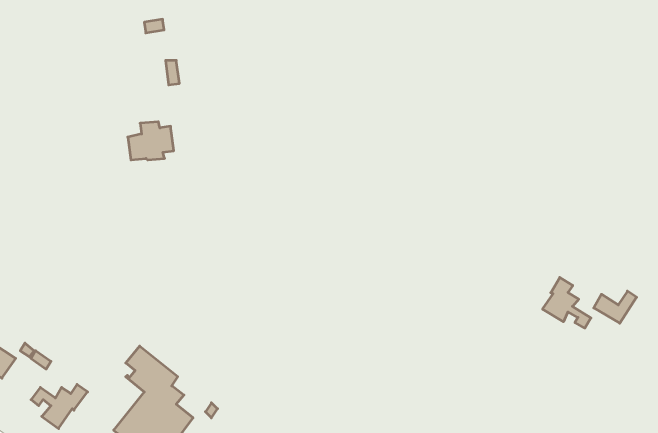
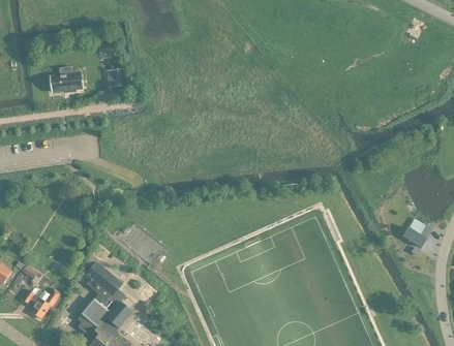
building: [128,122,174,160] -> [51,66,82,92]
building: [543,277,591,328] -> none

